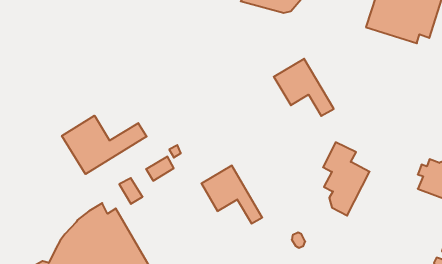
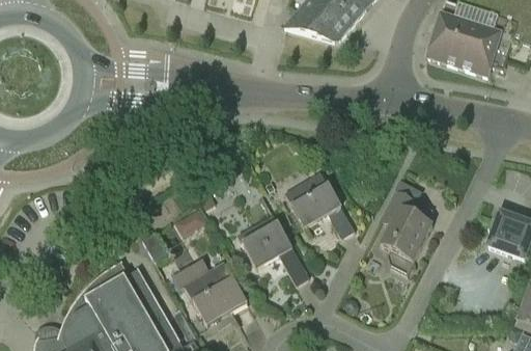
building: [274,59,334,116] -> [285,173,355,240]
building: [62,116,147,174] -> none
building: none -> [173,261,247,327]

